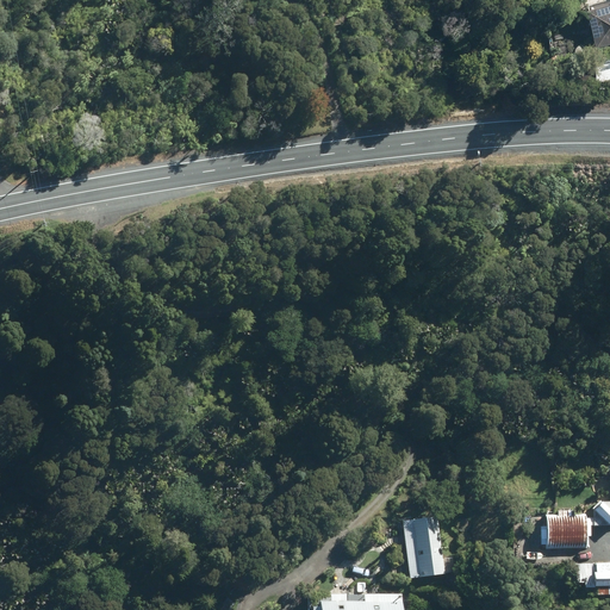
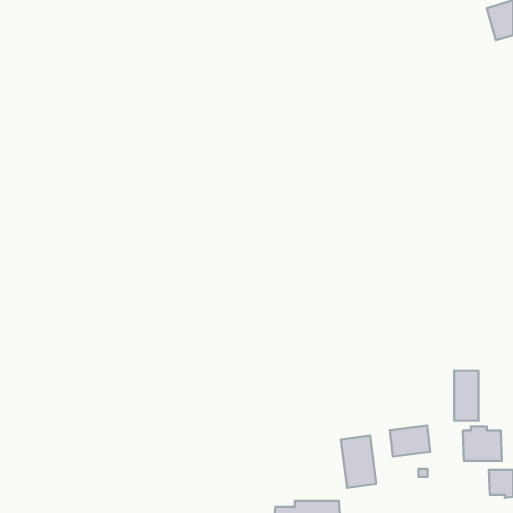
building: none -> [454,370,479,421]
building: none -> [390,426,430,456]

